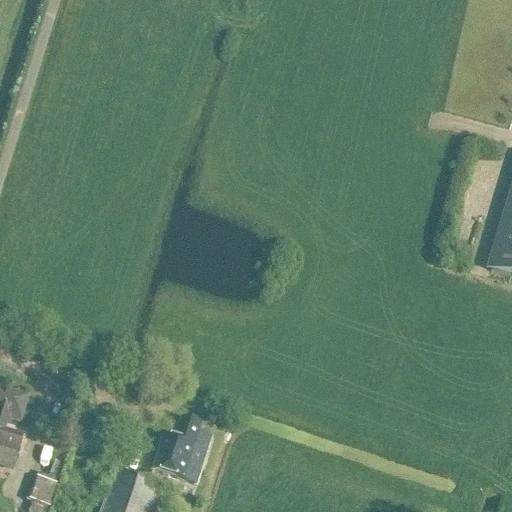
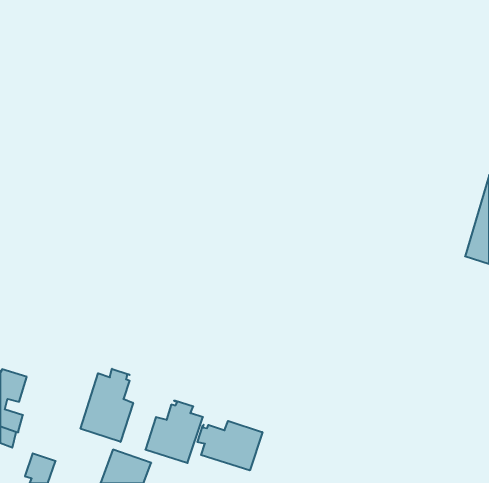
building: none -> [81,369,133,442]
building: none -> [197,421,262,470]

